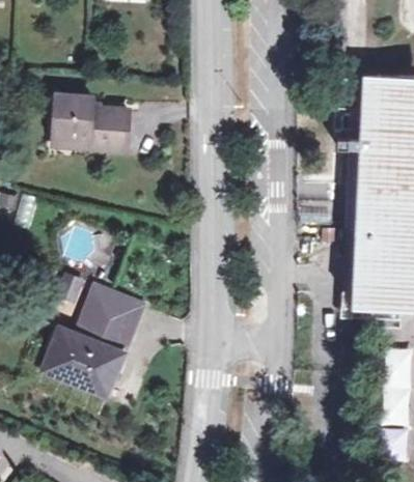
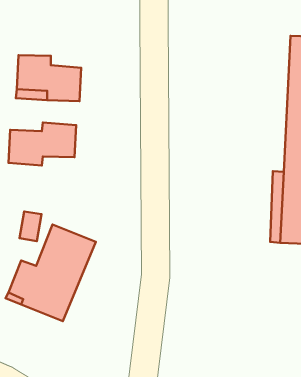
building: none -> [8,122,76,165]

